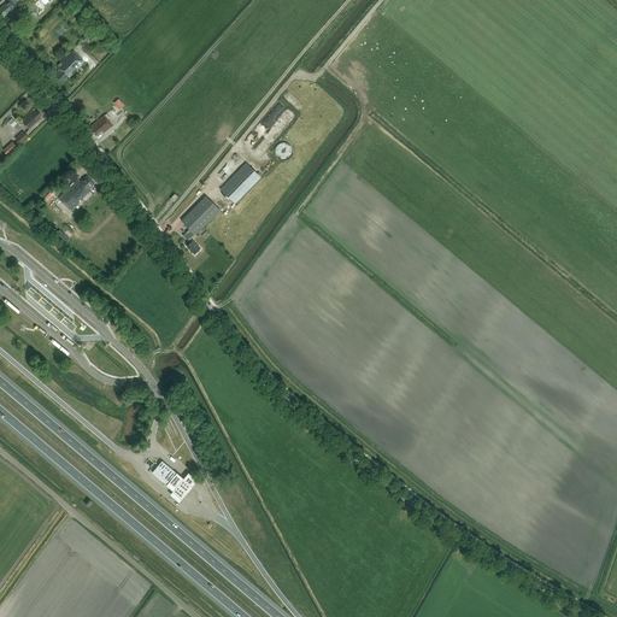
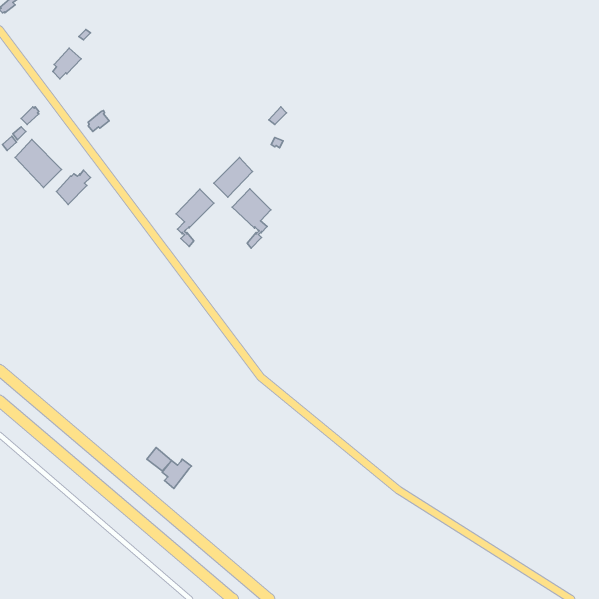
building: none -> [15,140,62,187]
building: none -> [232,189,271,248]

